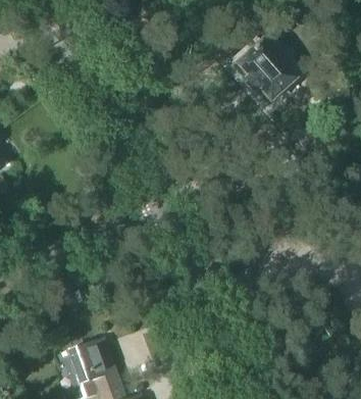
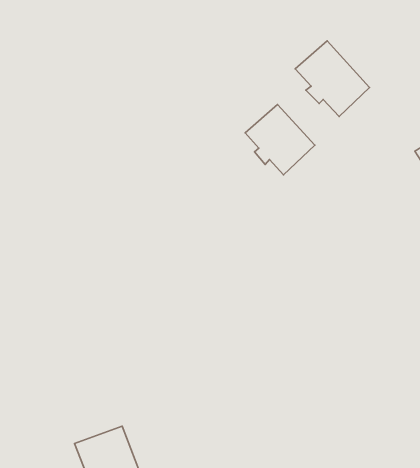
building: none -> [245,104,315,175]

